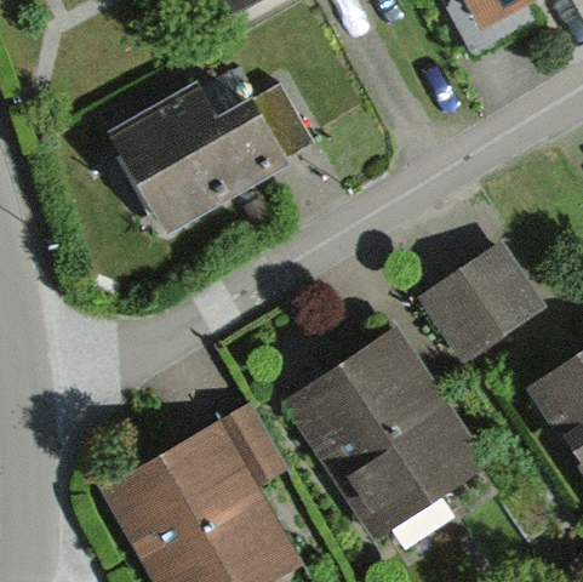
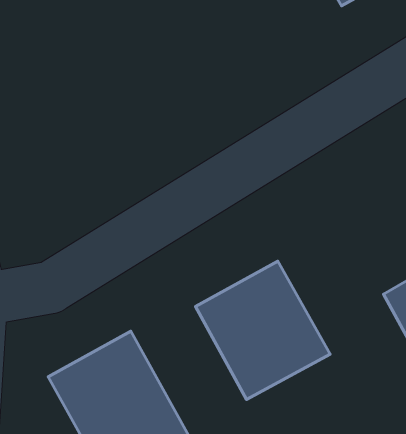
building: [112,85,282,223] -> none
building: [430,256,541,355] -> none

